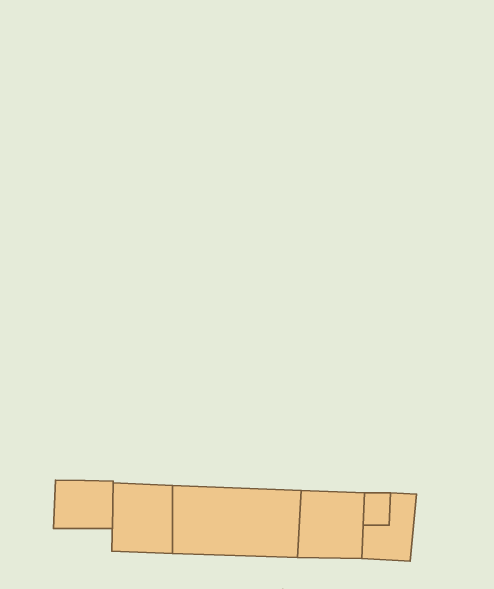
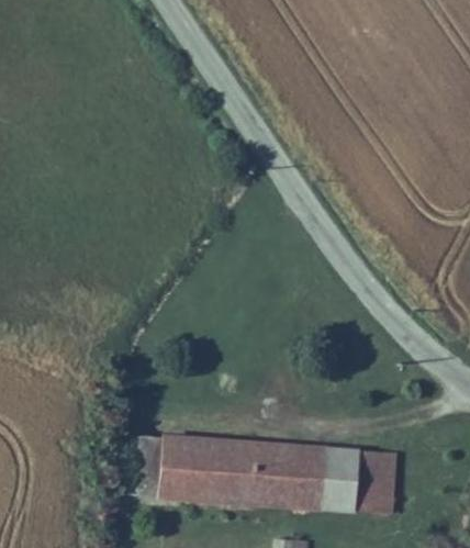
building: [53,480,113,529] -> none

